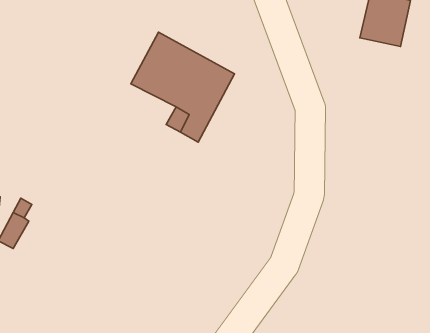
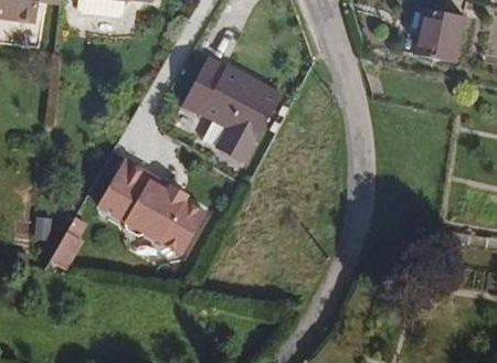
building: none -> [99,163,205,253]

